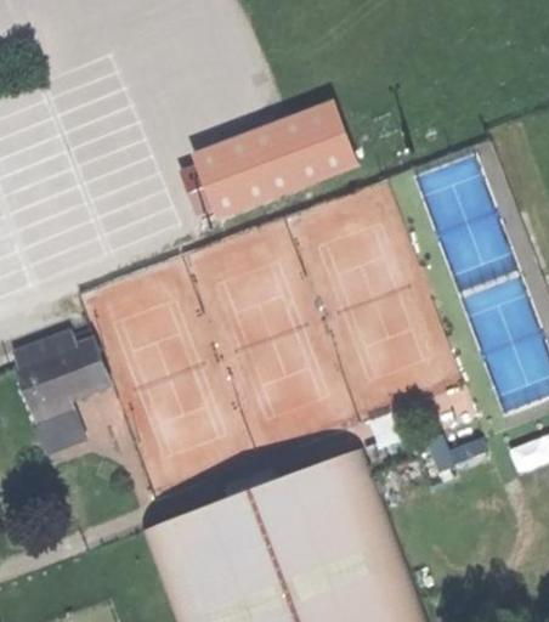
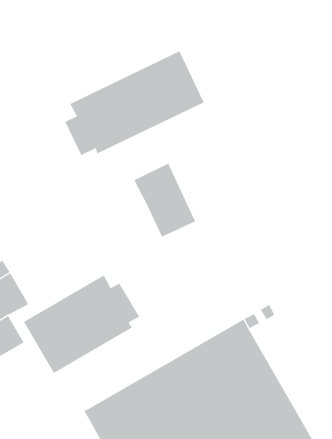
building: none -> [134,163,196,238]
building: none -> [23,274,140,374]

